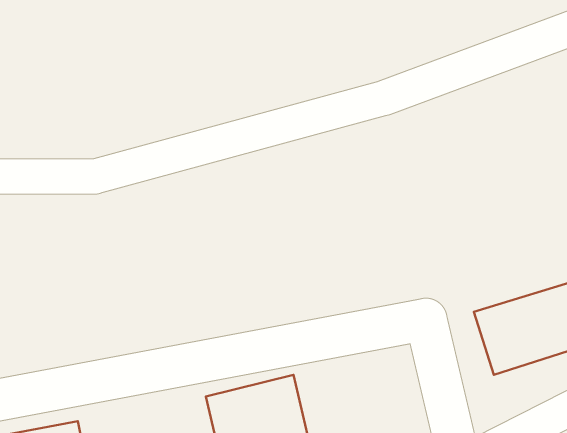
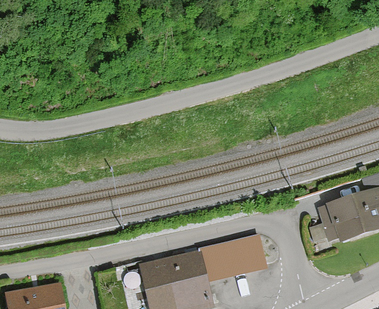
building: none -> [210,229,268,276]

